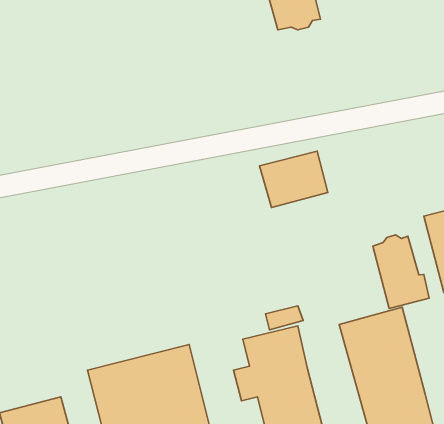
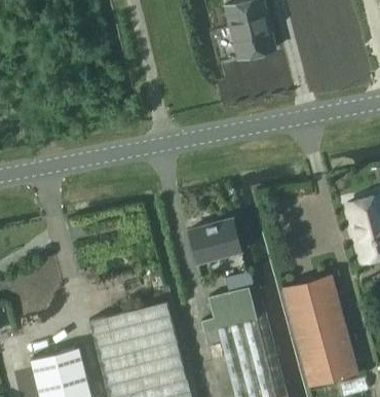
building: [260,151,328,207] -> [190,220,242,263]
building: [373,235,429,309] -> none

